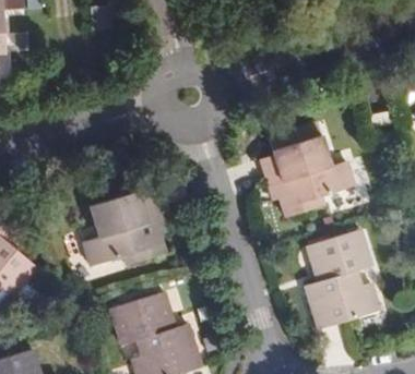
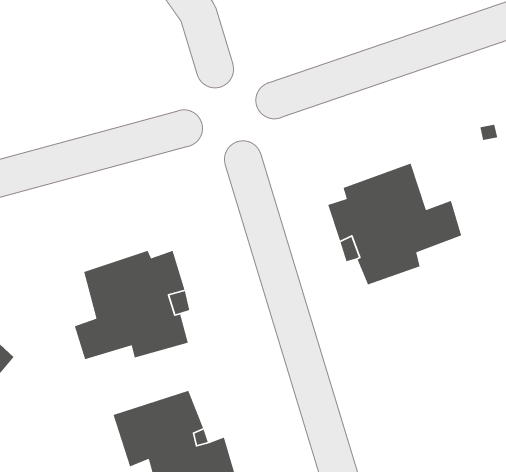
building: [301,230,375,330] -> none

